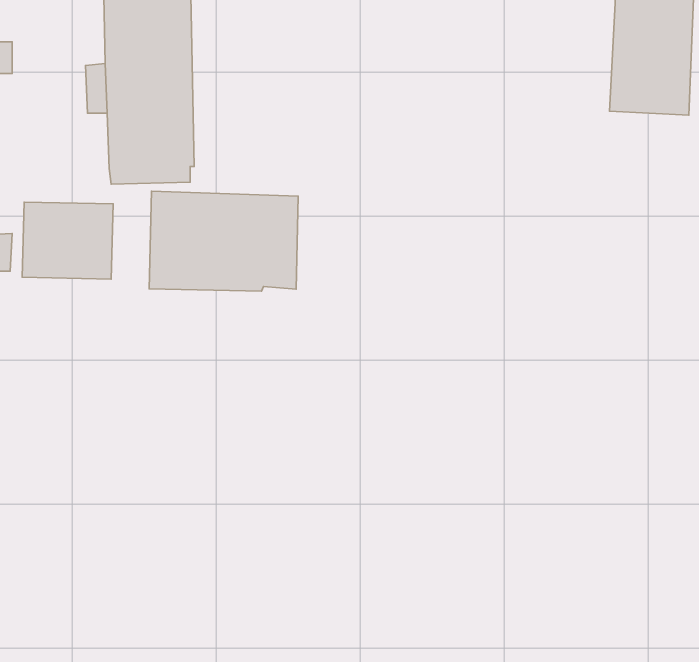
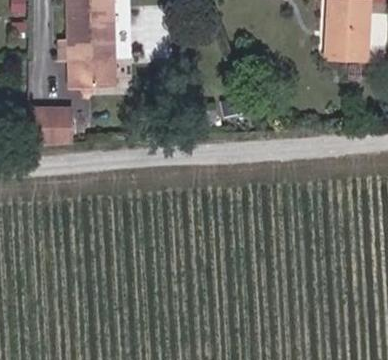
building: [149,191,298,291] -> none

